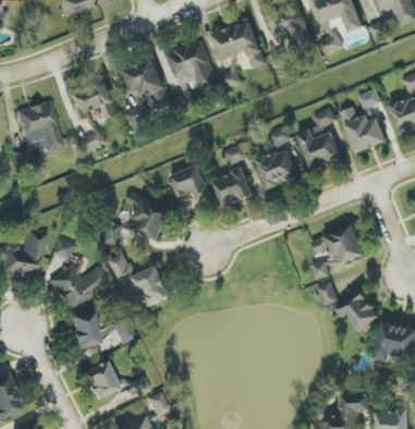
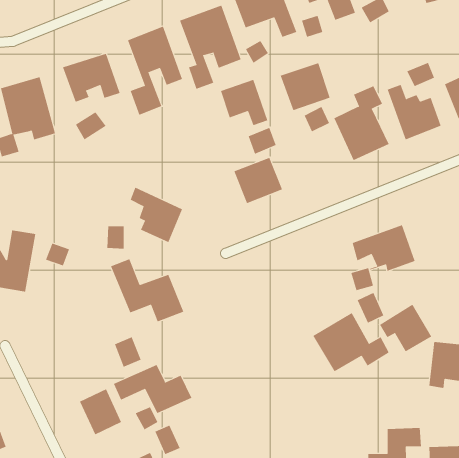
building: [256,148,298,188] -> [280,63,330,111]
building: [171,164,211,204] -> [220,79,268,126]
building: [47,259,109,309] -> none
building: none -> [313,312,390,372]
building: [70,311,100,350] -> none
building: none -> [113,364,192,414]

